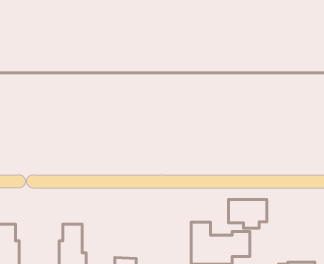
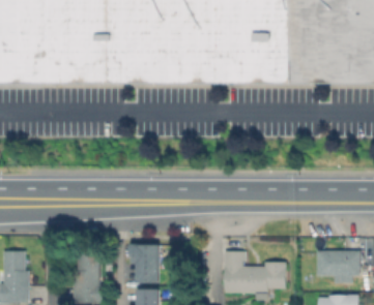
building: [229,199,267,228] -> [319,250,362,282]
building: none -> [131,242,165,284]

